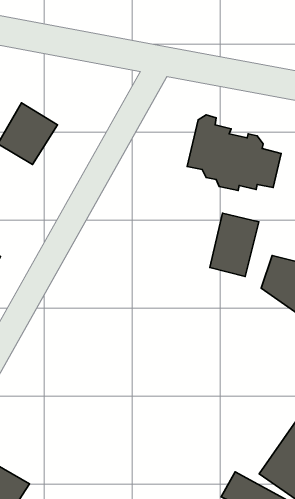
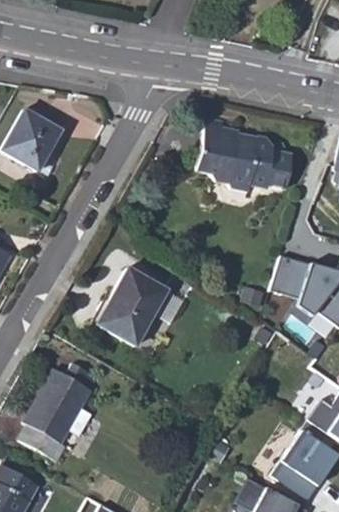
building: [210,213,259,276] -> none
building: none -> [96,272,171,348]
building: none -> [22,363,99,462]

